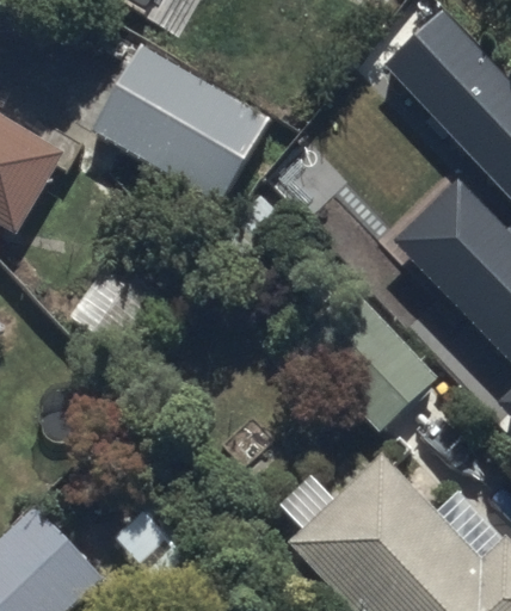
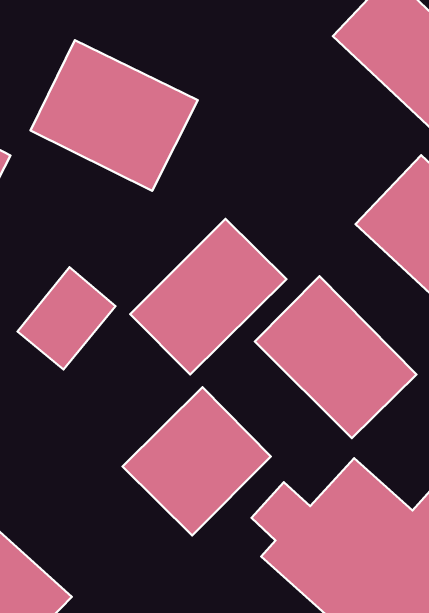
building: none -> [130,219,287,375]
building: none -> [122,387,271,535]

